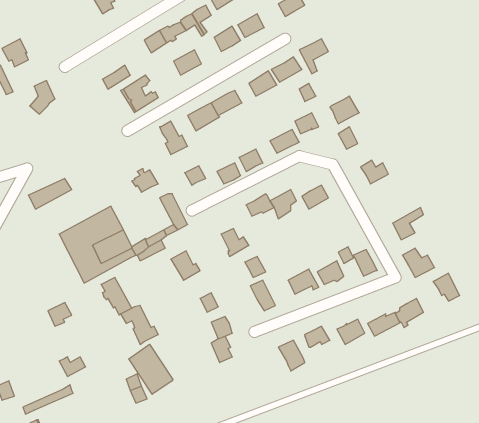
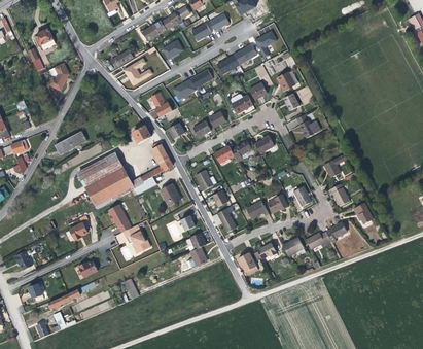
building: [129,344,173,394] -> none

